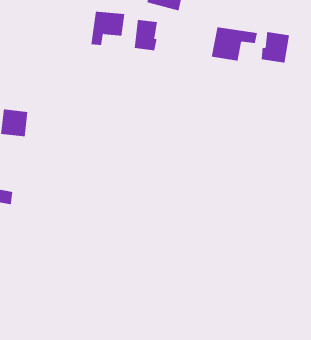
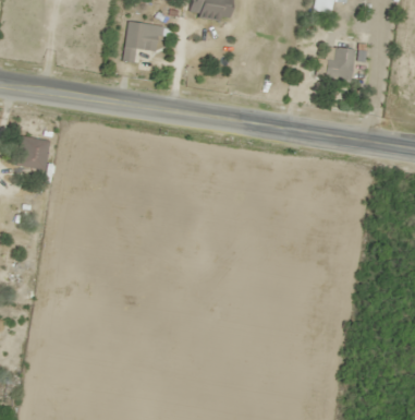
building: [134,19,157,51] -> none
building: [211,26,257,61] -> none

